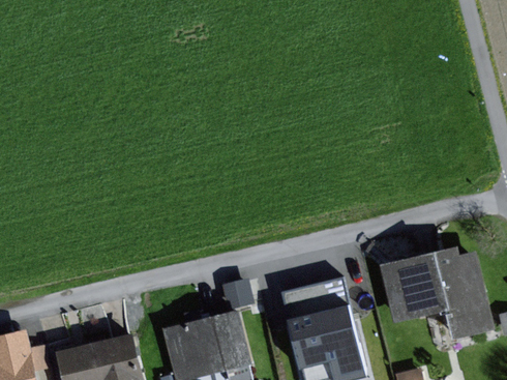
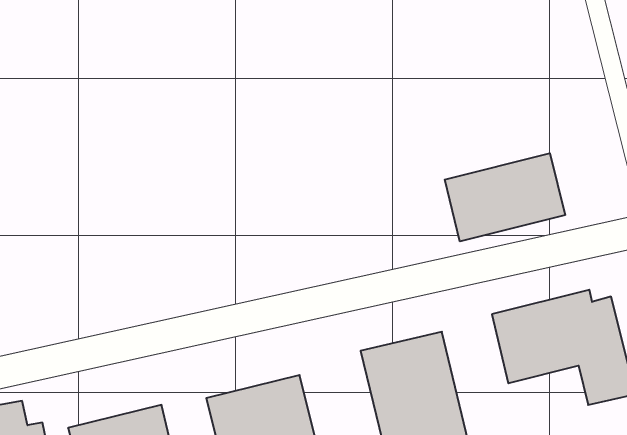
building: none -> [445,153,565,241]

